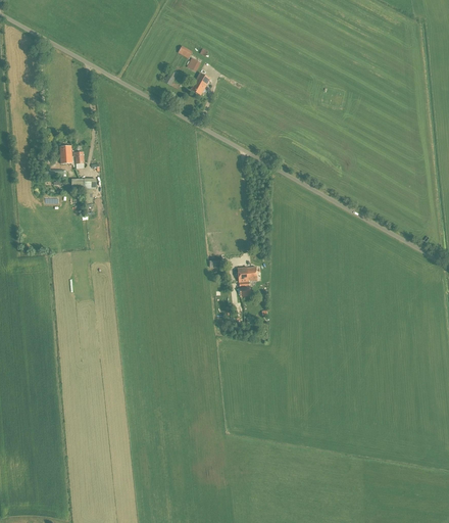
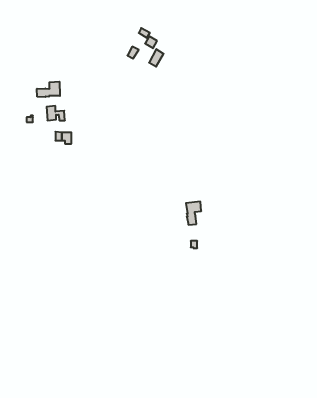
building: none -> [37,82,60,97]

